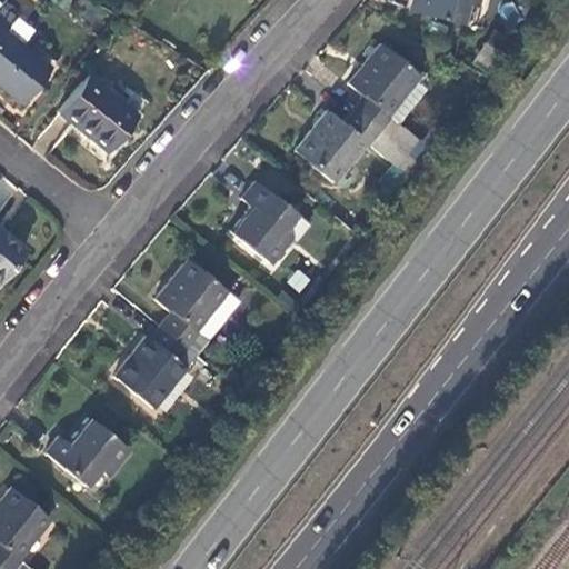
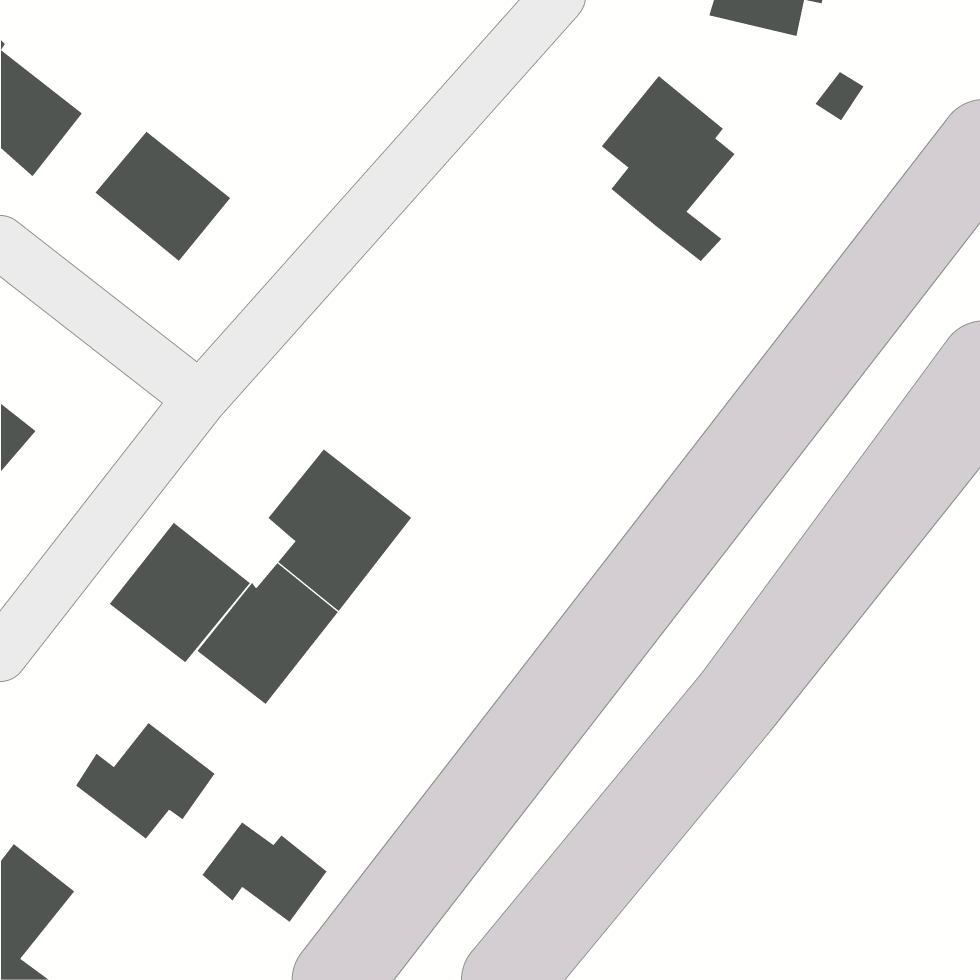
building: [297,109,408,181] -> none
building: [231,181,310,260] -> none
building: none -> [109,522,251,663]
building: none -> [202,821,328,923]

